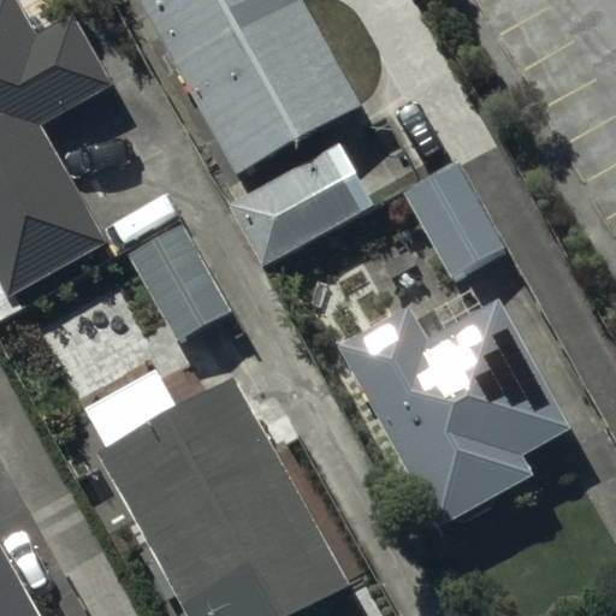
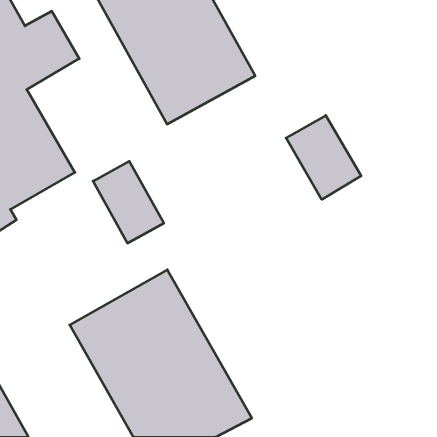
building: [227,146,367,268] -> none
building: [339,301,569,526] -> none

